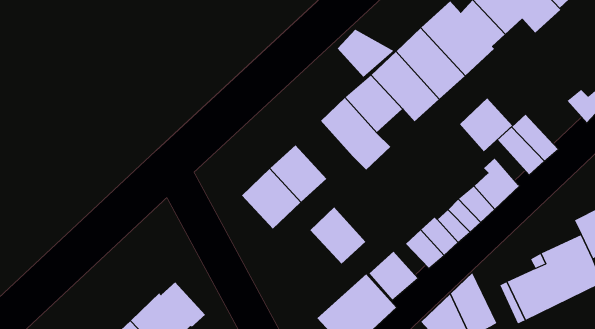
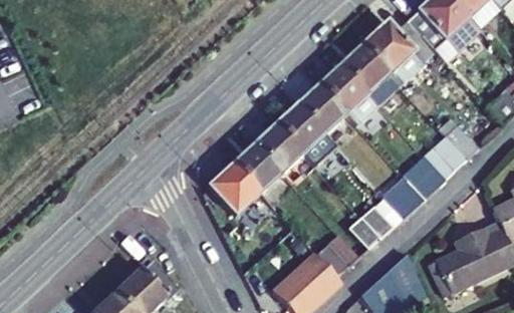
building: [337,29,394,78] -> none
building: [459,97,513,152] -> none
building: [310,206,366,264] -> [255,123,303,173]

